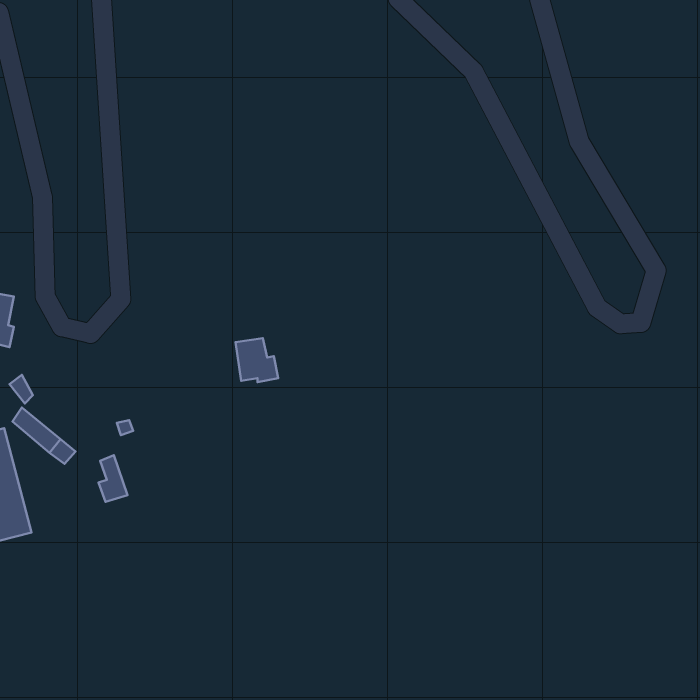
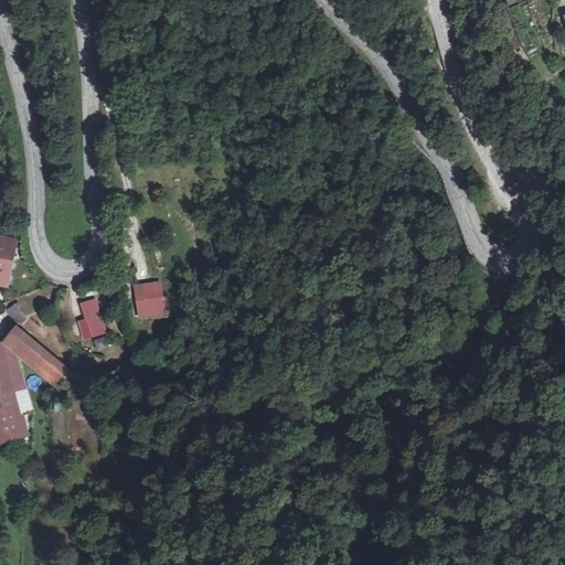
building: [236,338,278,382] -> [136,284,170,319]
building: [99,455,127,502] -> [81,300,104,338]

